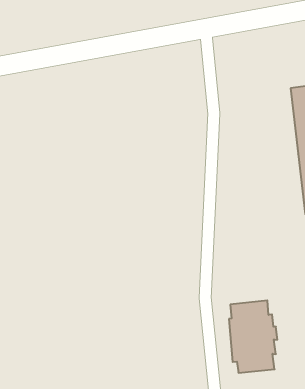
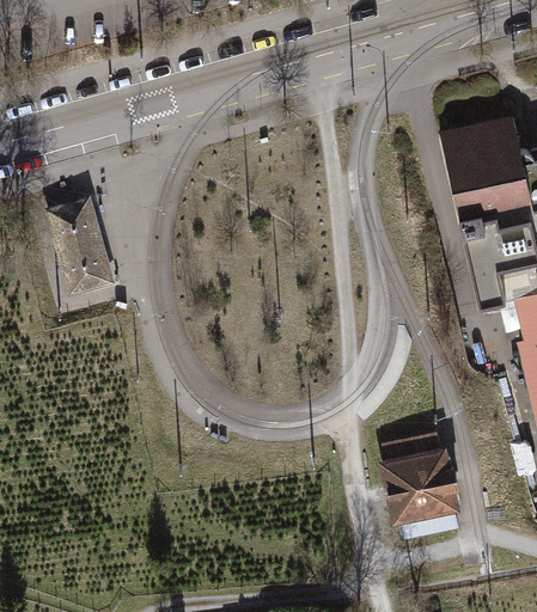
building: none -> [51,203,114,294]

